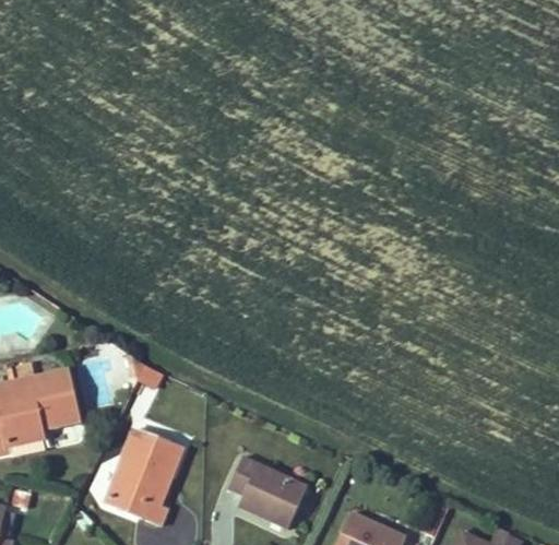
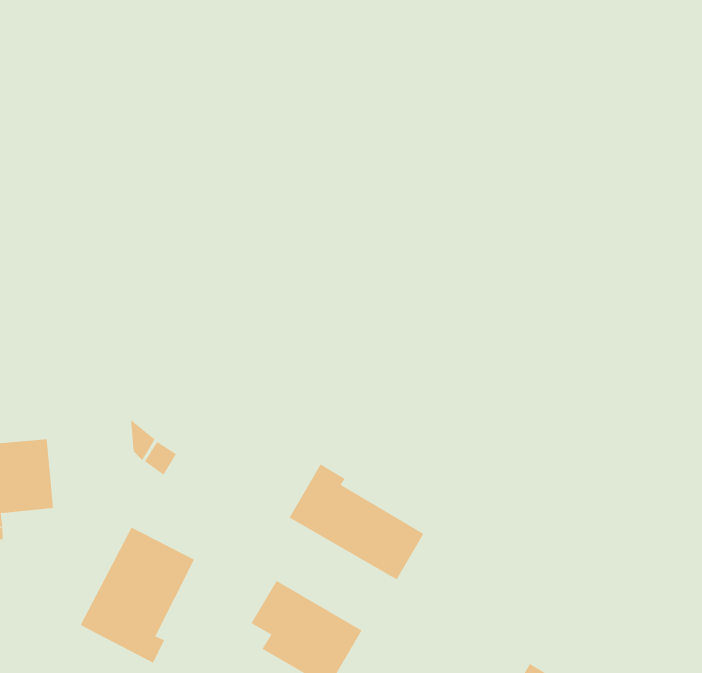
building: none -> [289,463,424,580]

